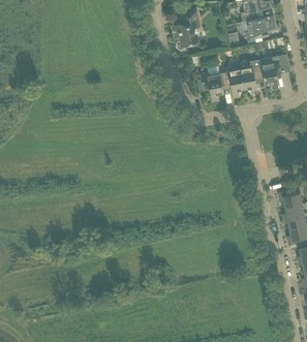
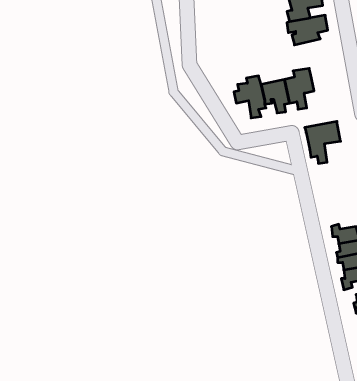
building: [176,11,199,48] -> none
building: [260,56,290,91] -> [305,121,341,163]

